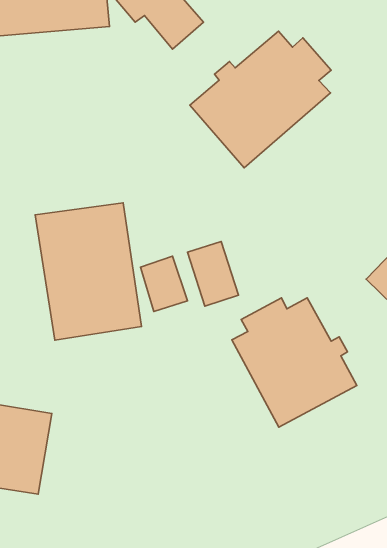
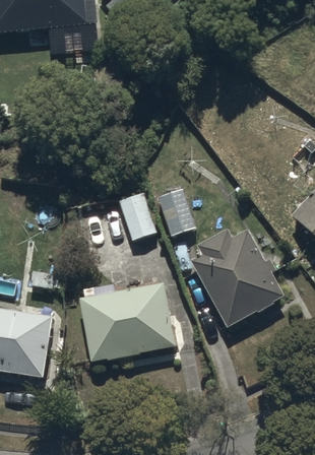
building: [190,31,331,168] -> none
building: [35,203,141,340] -> none
building: none -> [80,285,175,362]

